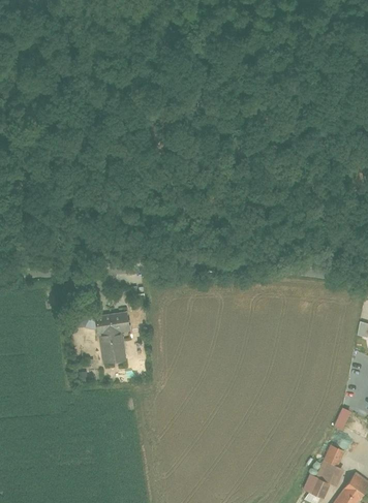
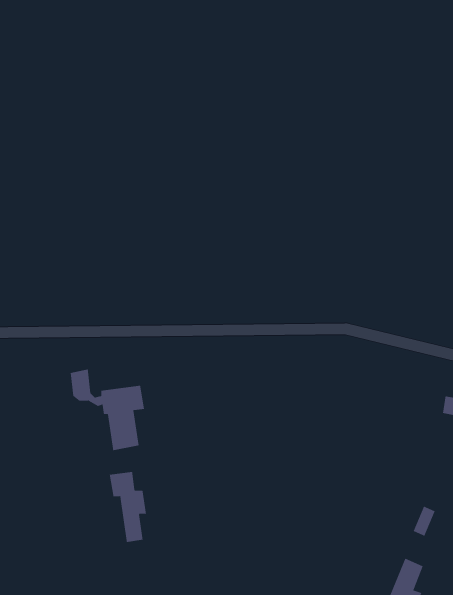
building: none -> [109,471,147,543]

